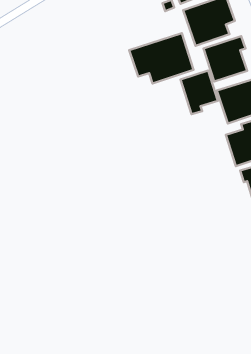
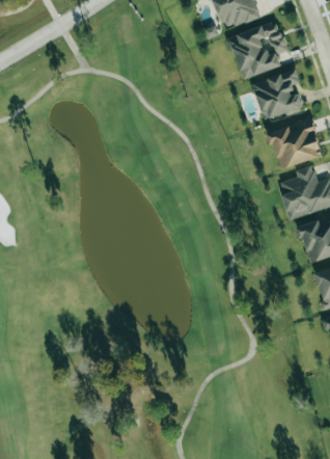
building: [129,33,194,83] -> none
building: [180,70,218,114] -> none

